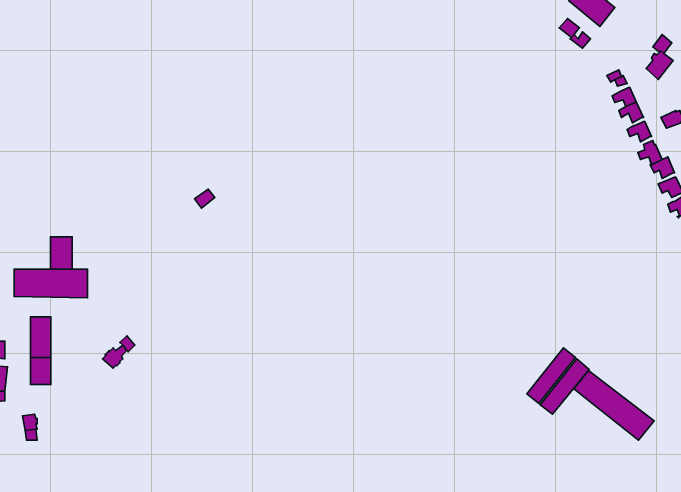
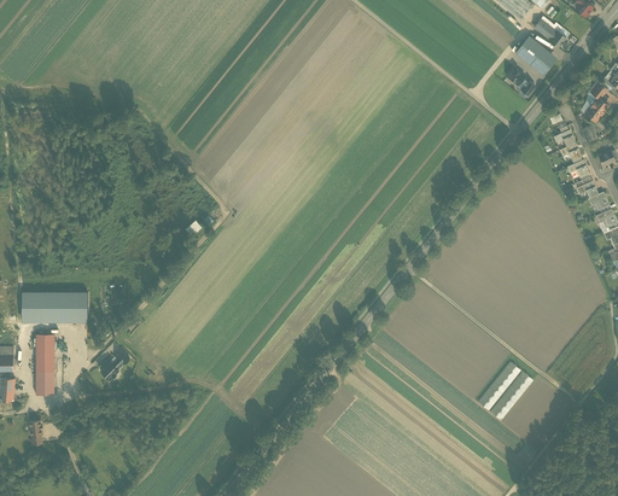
building: [50,237,72,269] -> none
building: [574,370,654,440] -> none

